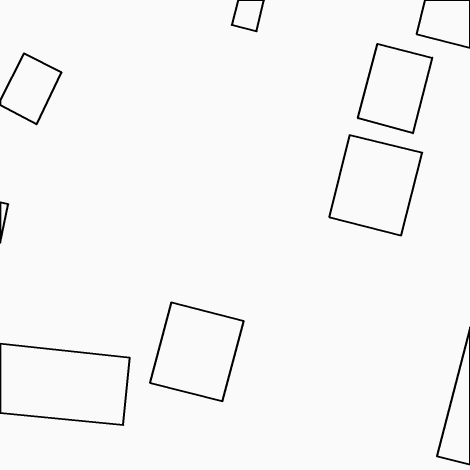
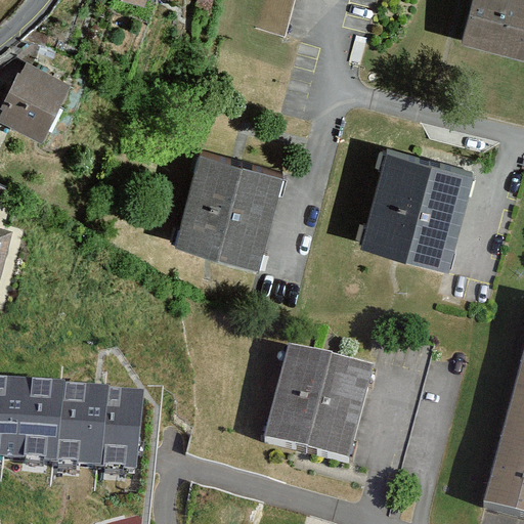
building: [358,44,432,133] -> none
building: none -> [176,151,281,262]
building: [150,303,244,401] -> [267,354,372,464]

